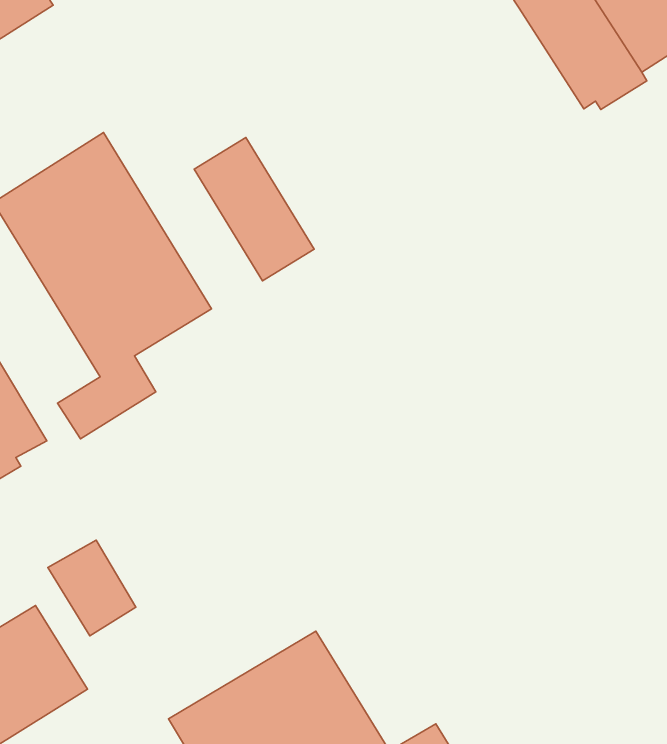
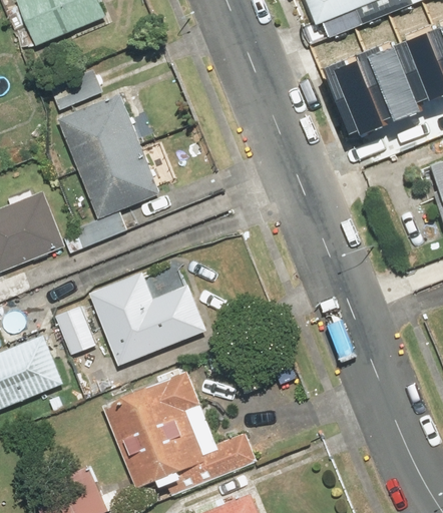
building: none -> [316,60,380,136]
building: [194,138,314,281] -> none
building: none -> [88,271,208,365]

